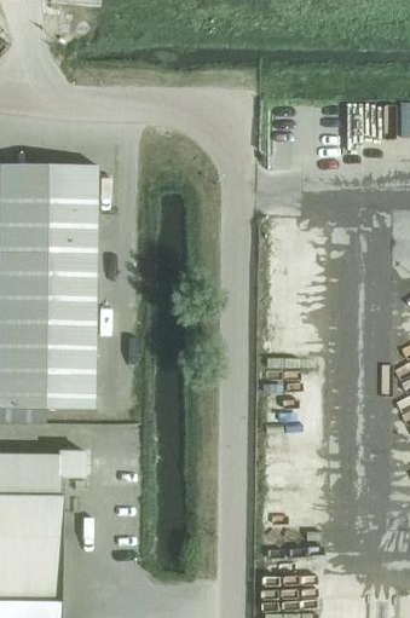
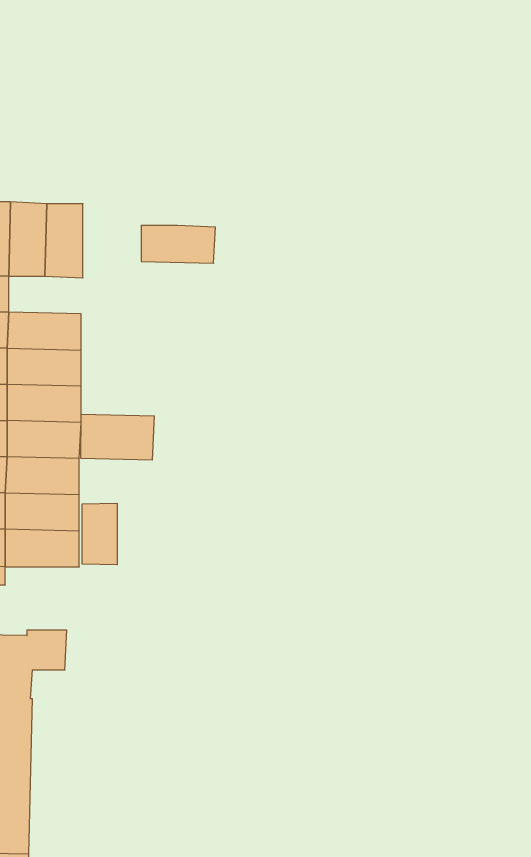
building: [48,214,98,239] -> [141,225,215,263]
building: none -> [81,414,154,460]
building: none -> [82,503,117,565]

